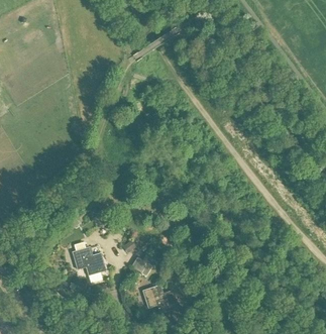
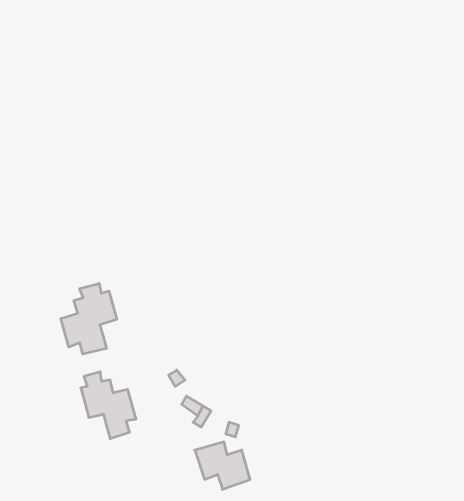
building: none -> [61,283,117,354]

